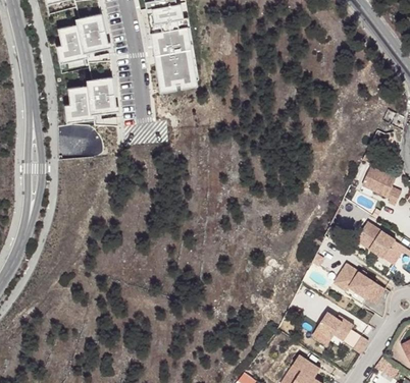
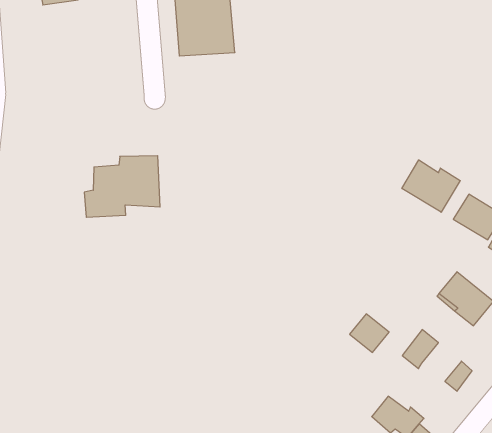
building: [63,75,117,123] -> [84,156,160,217]
building: none -> [402,160,460,212]
building: [349,273,376,299] -> [350,314,389,352]

